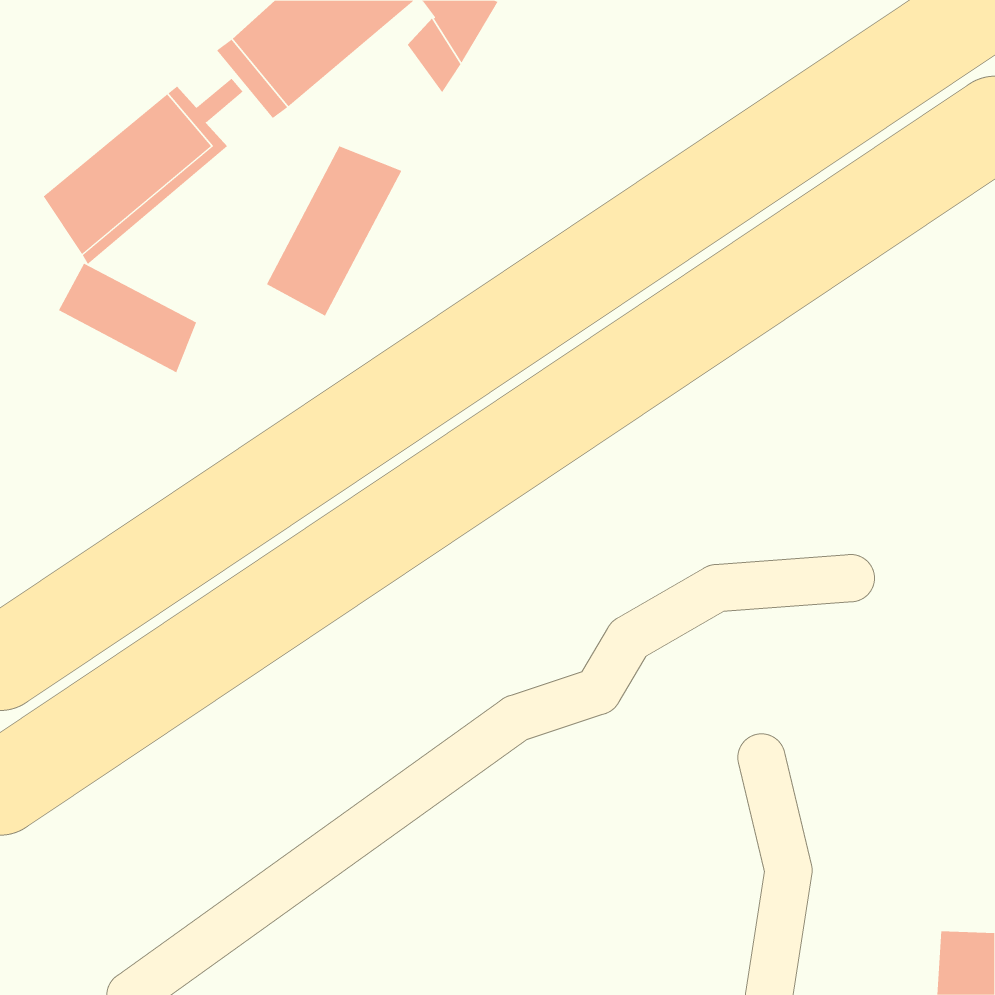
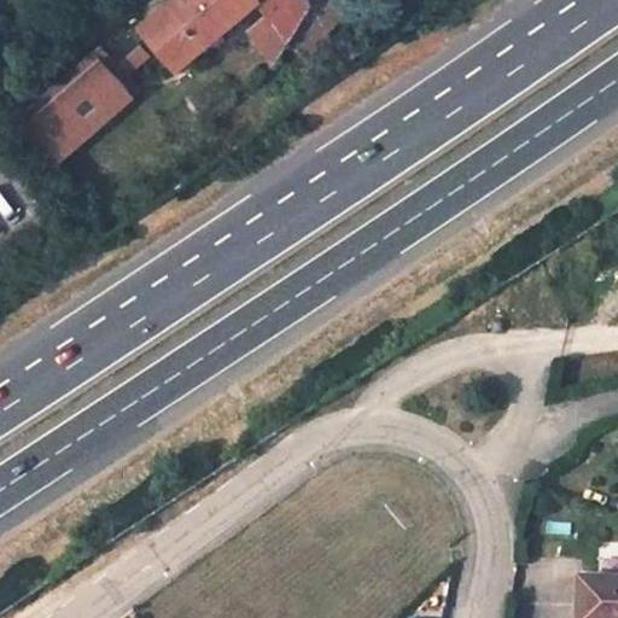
building: [266,145,402,316] -> none
building: [58,263,197,373] -> none

